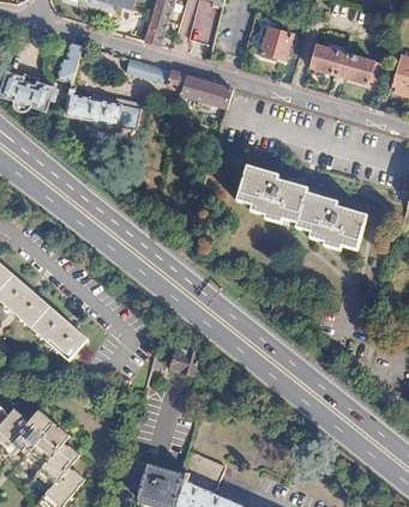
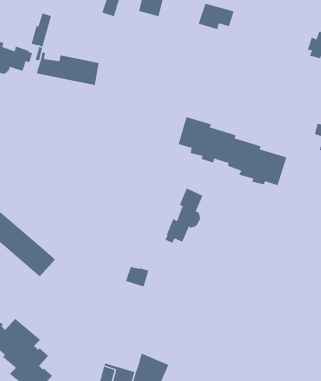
building: [309,46,380,85] -> none
building: [125,58,230,109] -> none
building: none -> [165,187,203,244]

